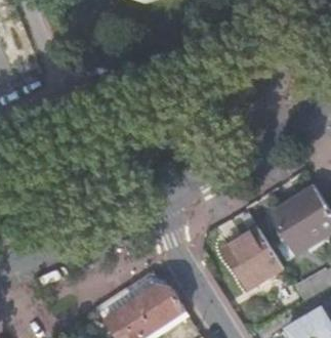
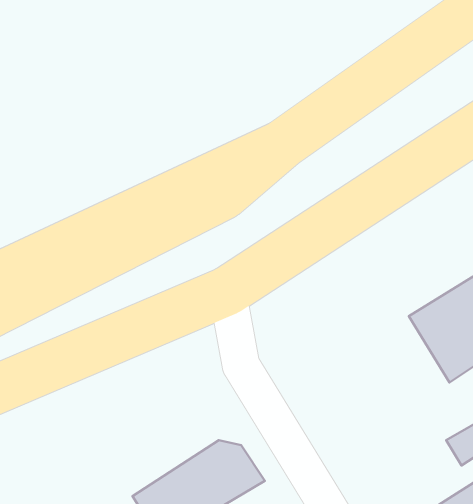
building: [220,226,281,289] -> none

